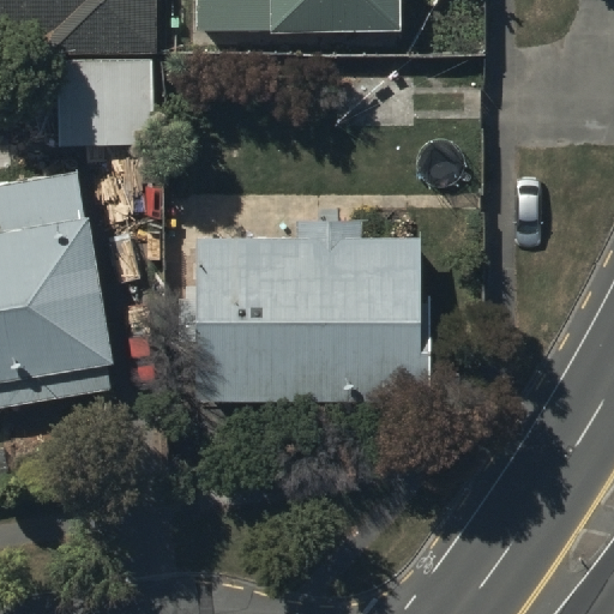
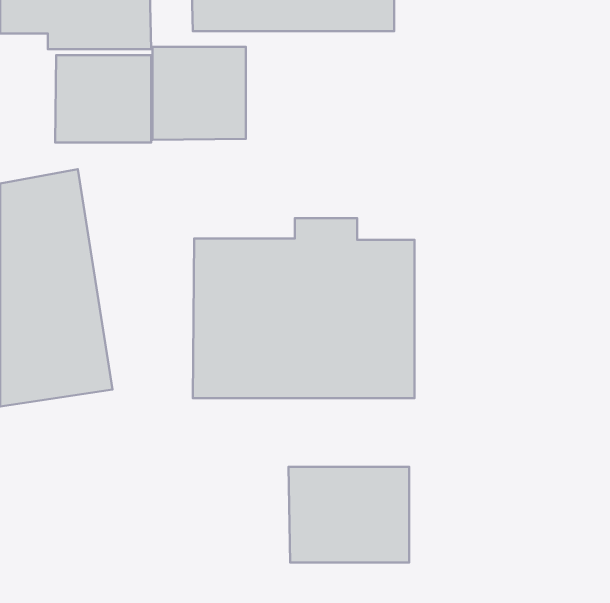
building: none -> [153,47,246,140]
building: none -> [289,467,409,562]

